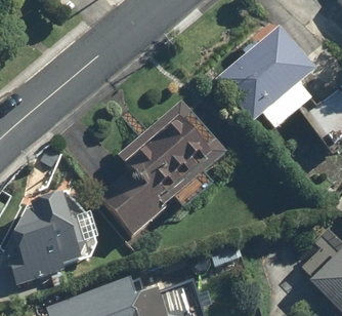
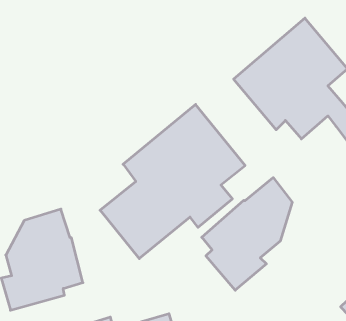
building: none -> [202,178,292,290]

